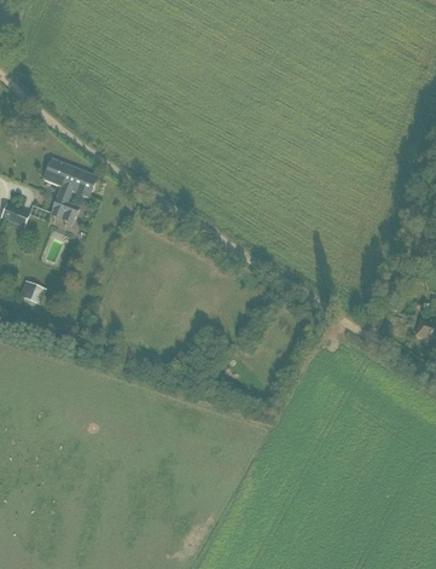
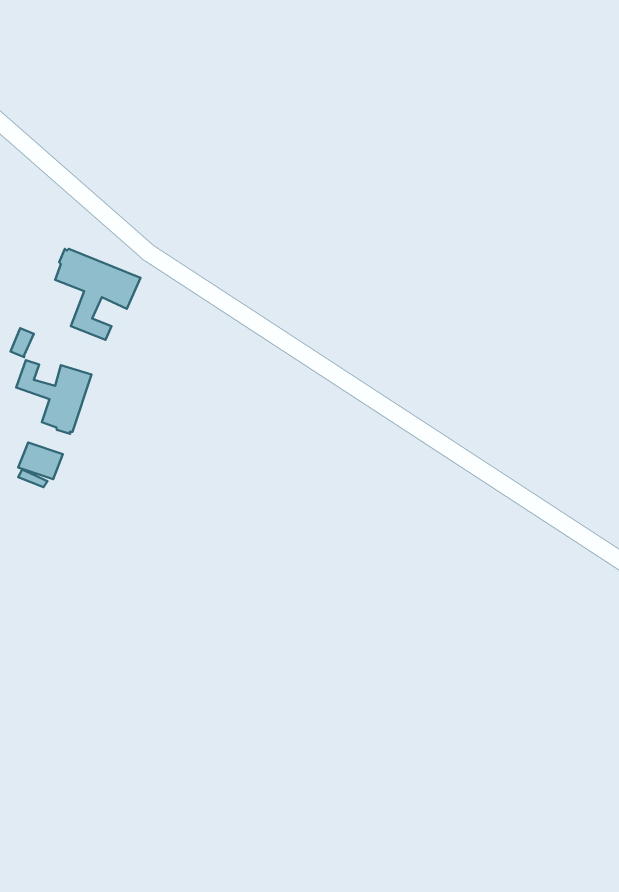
building: none -> [16,360,91,434]

